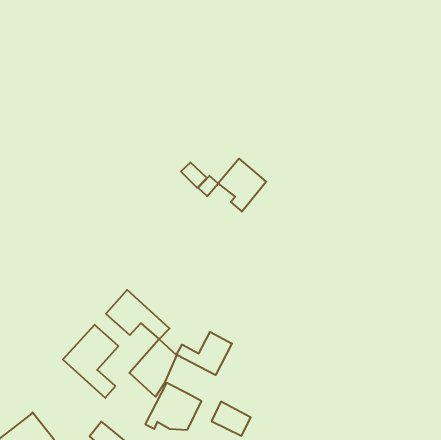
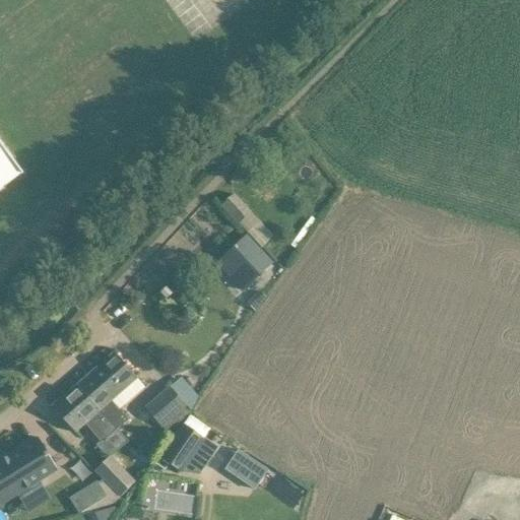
building: [218,159,266,212] -> [220,236,271,291]
building: [106,290,170,339] -> [51,386,116,442]
building: [176,332,232,375] -> none

